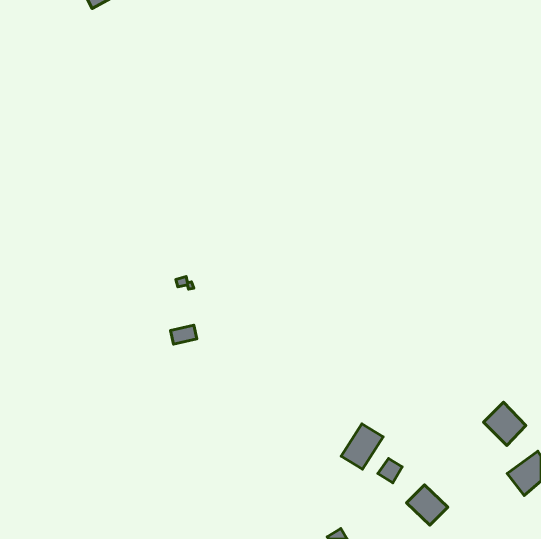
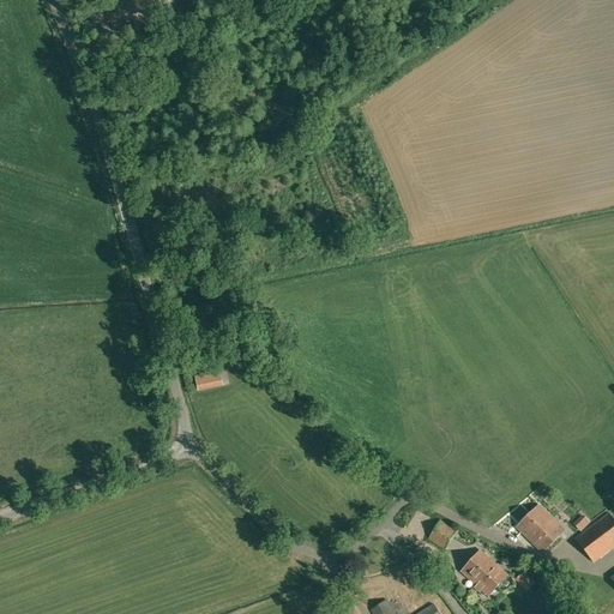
building: [483,402,526,445] -> [516,502,564,552]
building: [341,424,383,469] -> none

